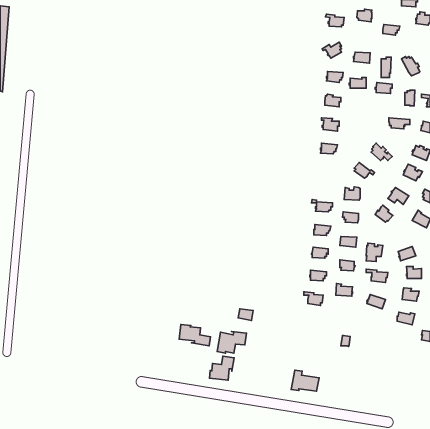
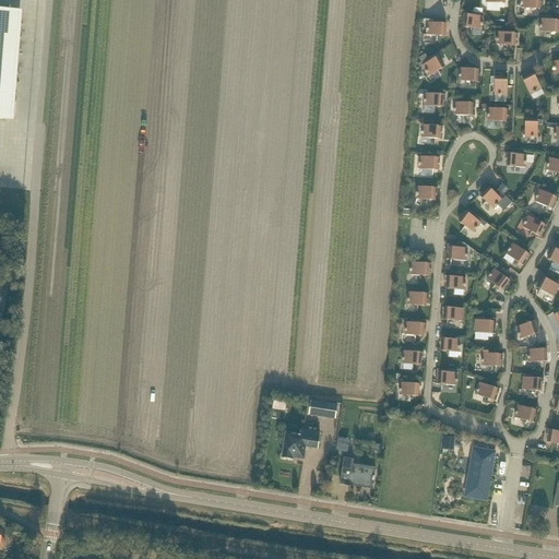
building: [179,324,211,346] -> none
building: none -> [469,448,495,495]
building: [210,356,234,380] -> none
building: [291,370,319,391] -> [340,457,376,485]

